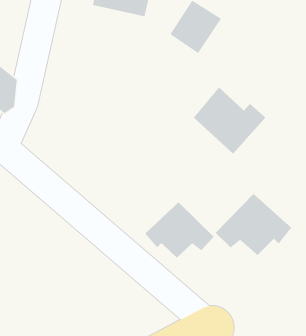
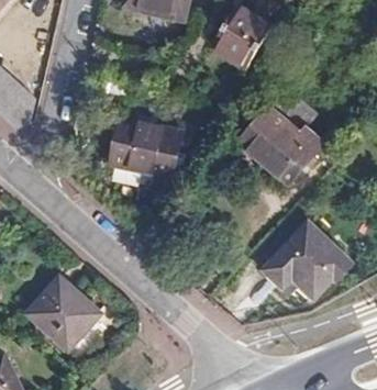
building: none -> [109,114,184,176]
building: [144,201,215,259] -> none
building: none -> [34,290,104,357]

